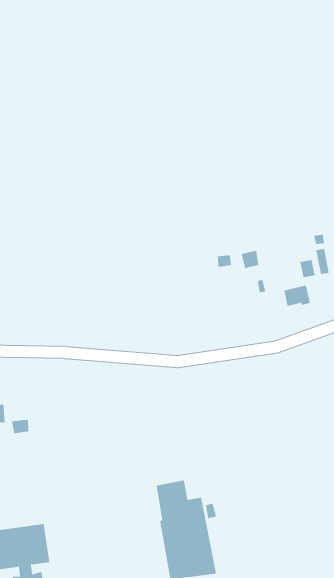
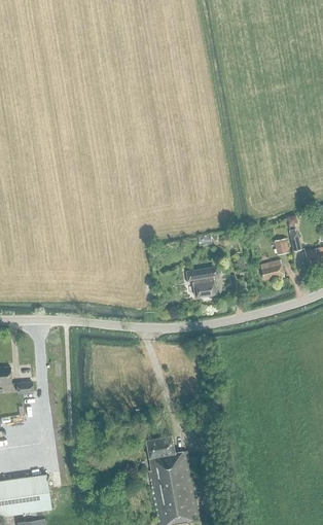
building: none -> [186,266,218,296]

